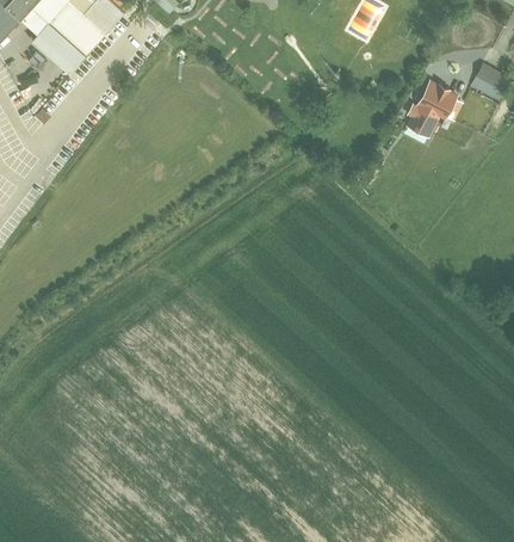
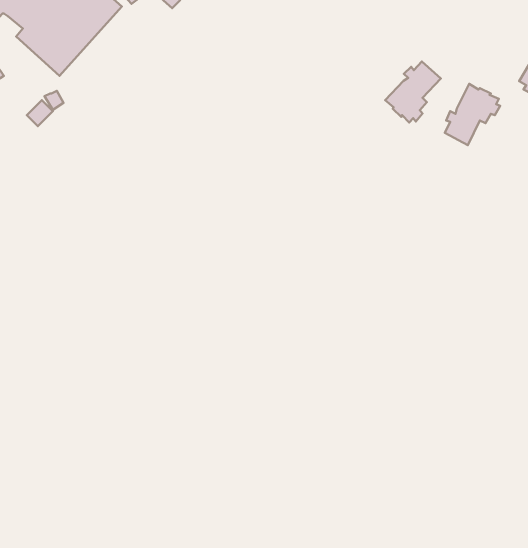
building: none -> [385,61,441,123]

